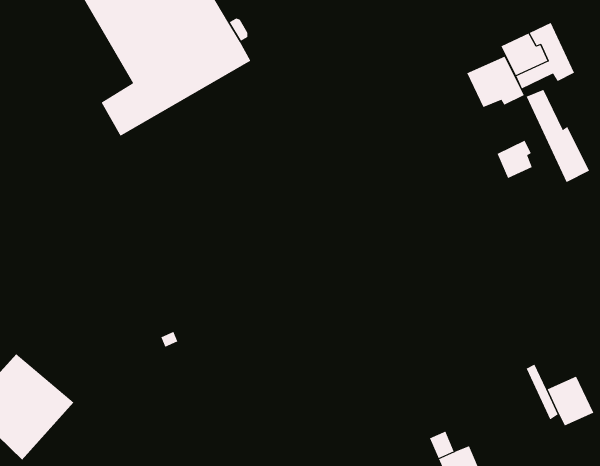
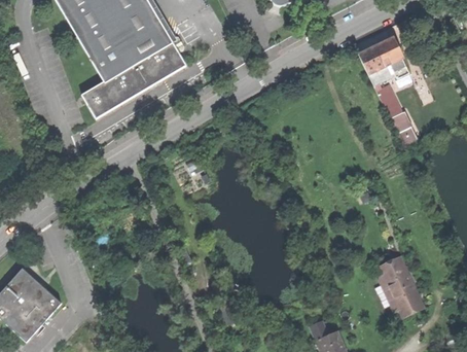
building: [467,56,525,108] -> none
building: [497,140,532,179] -> none
building: none -> [378,256,410,291]

